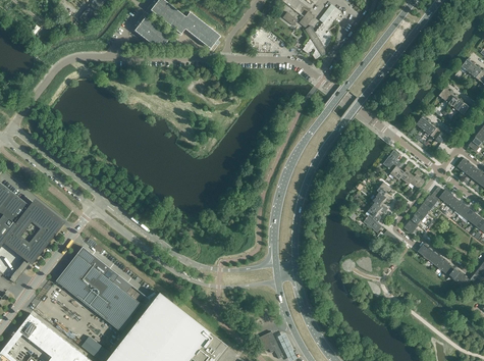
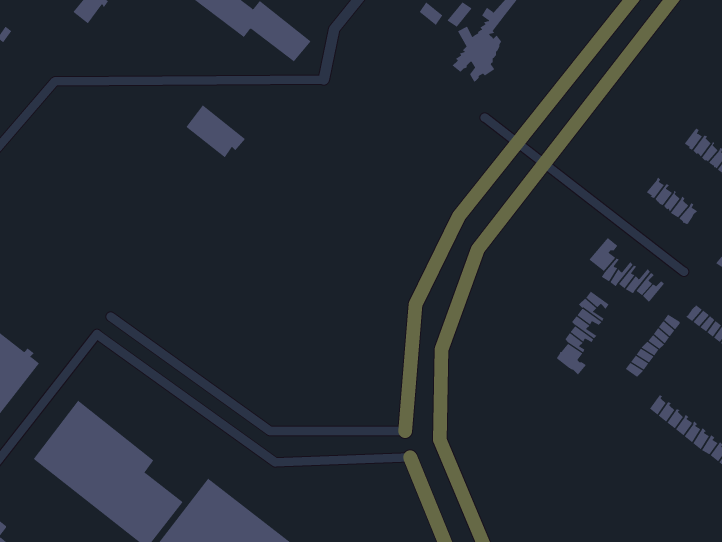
building: [132,17,168,49] -> [185,104,246,158]

